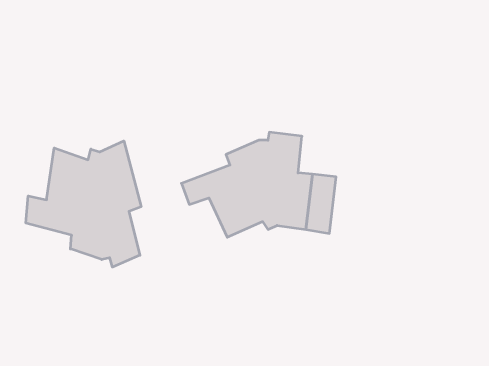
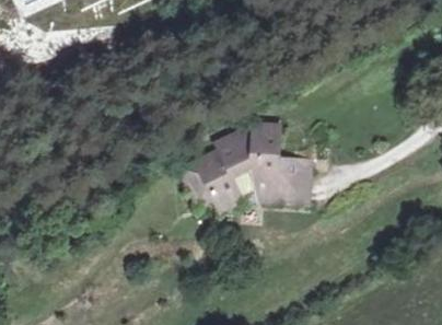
building: [26,141,141,267] -> none

